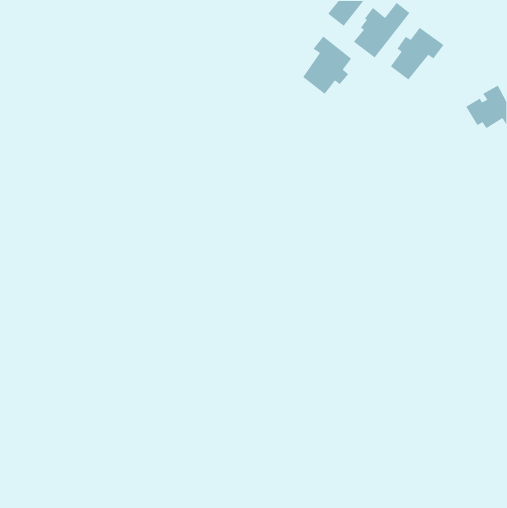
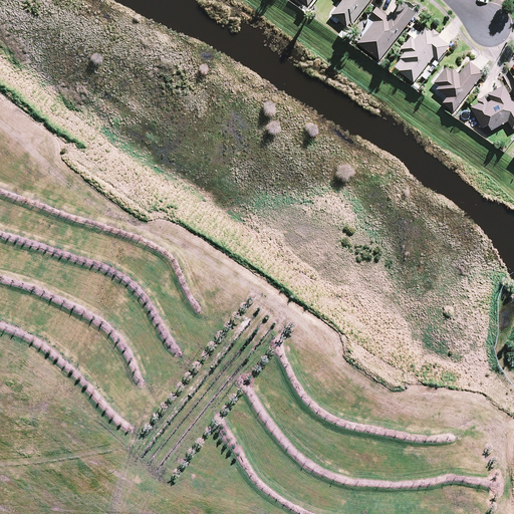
building: [302,35,352,95] -> none
building: none -> [431,61,483,111]

